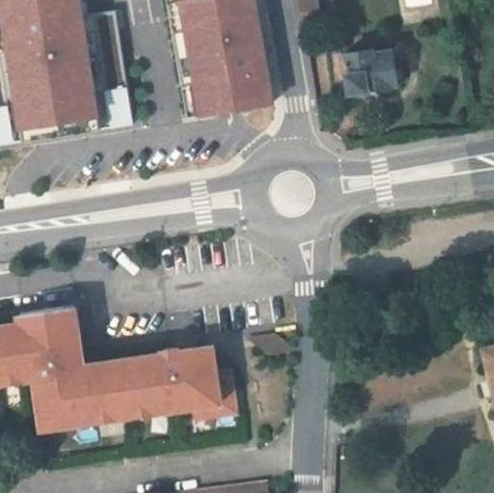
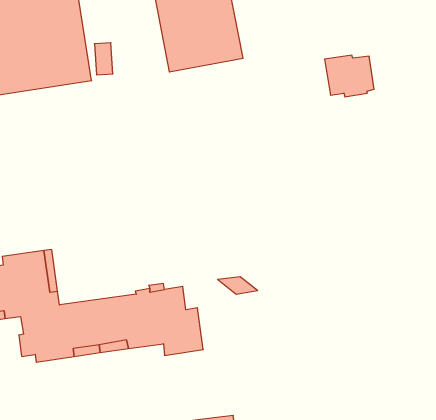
building: [341,51,394,95] -> [325,55,374,97]

